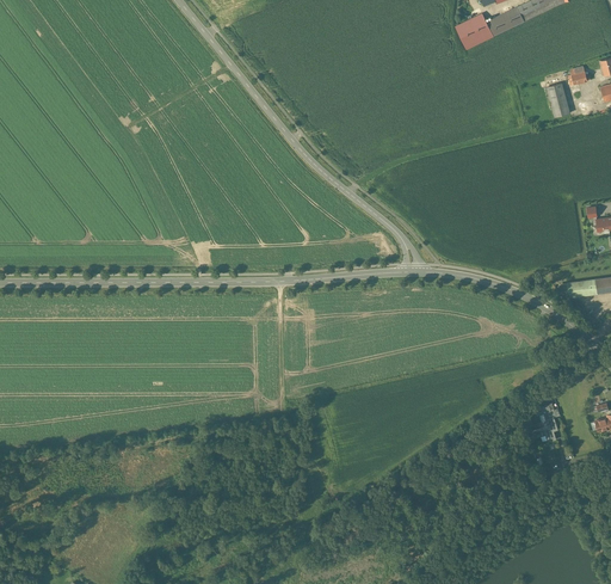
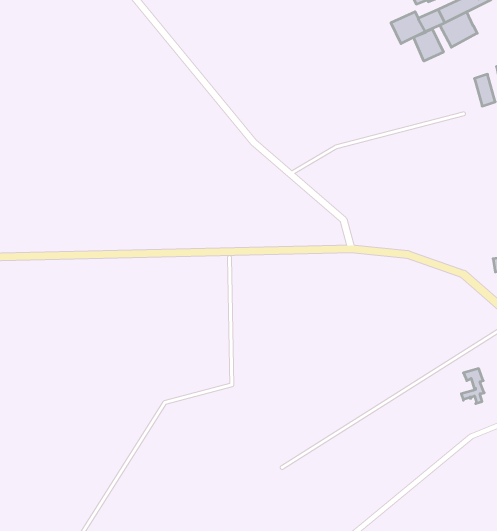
building: none -> [440,12,477,47]
building: none -> [413,29,443,61]

